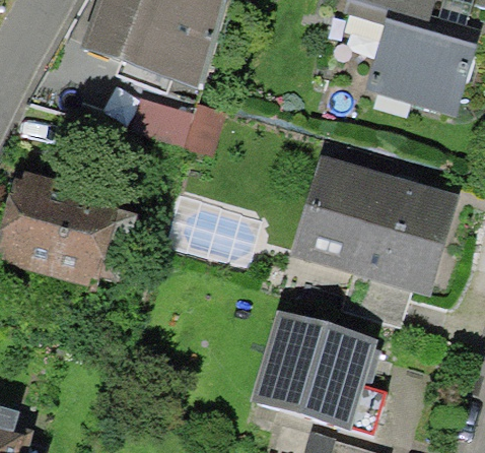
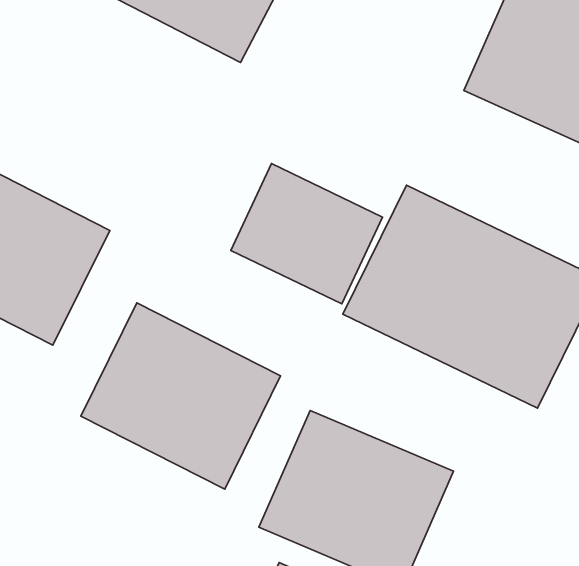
building: none -> [231,164,382,304]
building: none -> [81,303,281,489]

